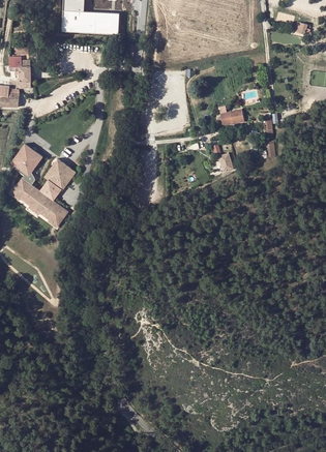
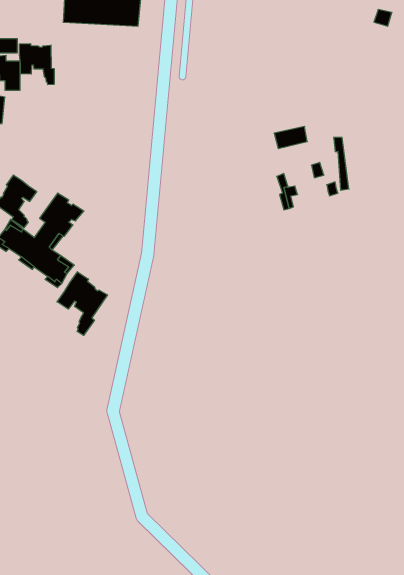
building: none -> [20,44,54,85]
building: none -> [57,272,108,335]

